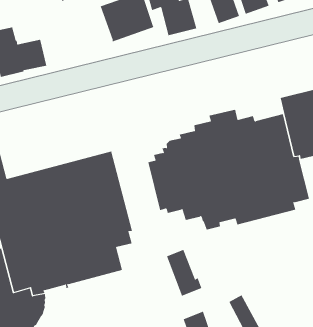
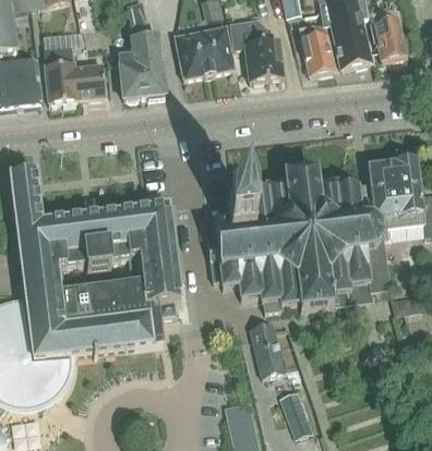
building: none -> [118,35,165,97]
building: [166,249,202,297] -> [249,320,286,375]

